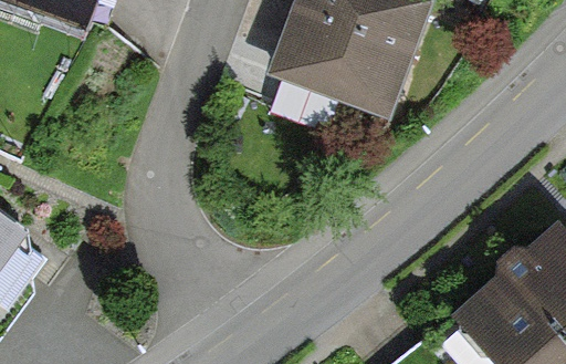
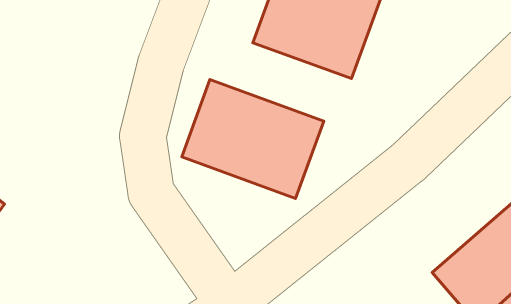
building: none -> [182,80,324,198]

